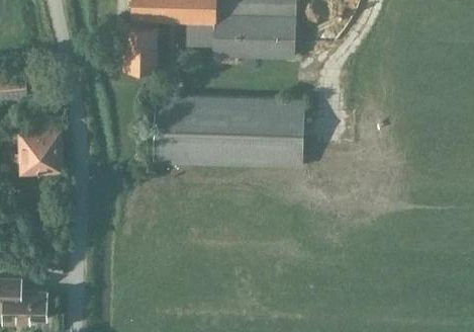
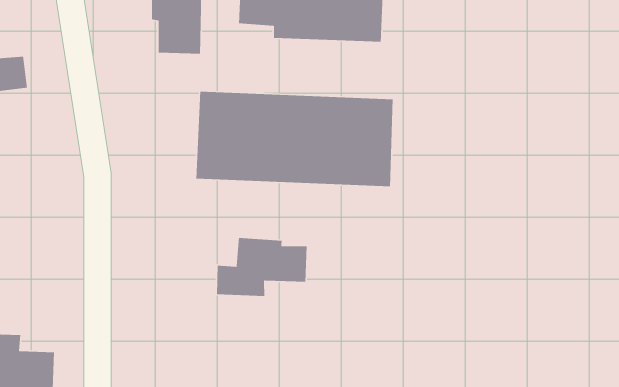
building: [11,131,62,172] -> none
building: none -> [216,237,308,297]

